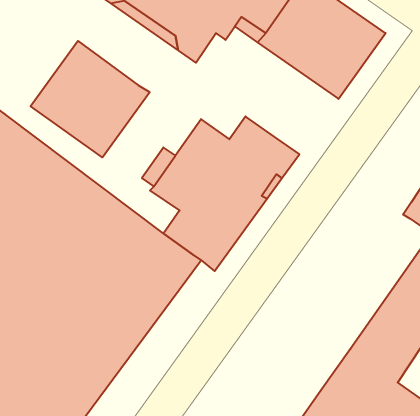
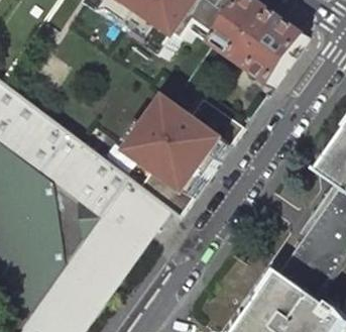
building: [31,41,150,157] -> none

